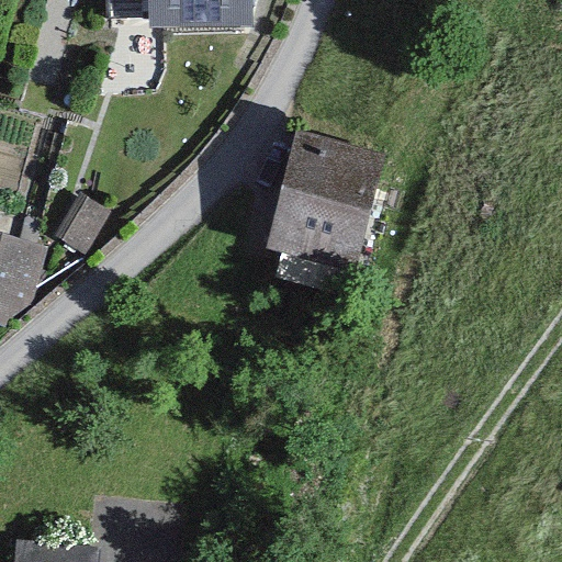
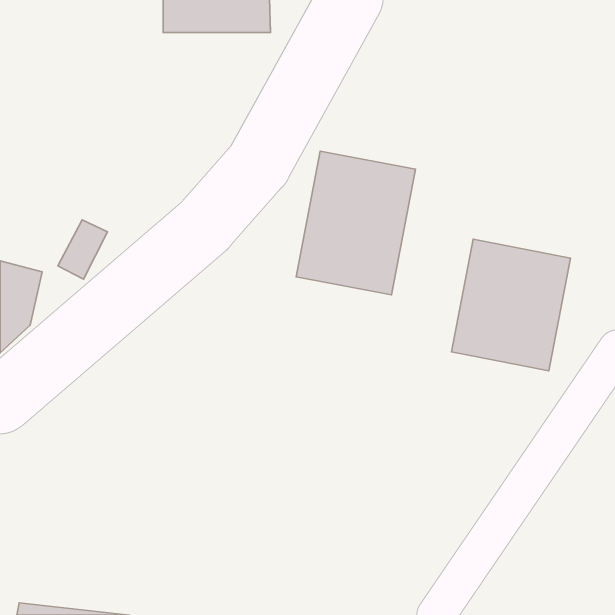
building: none -> [451,239,570,371]

